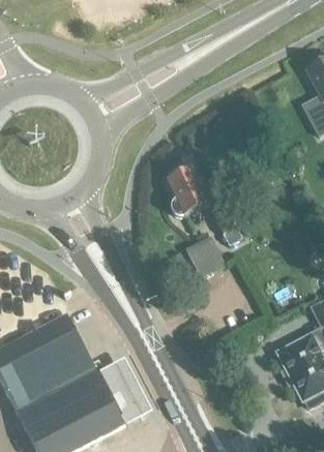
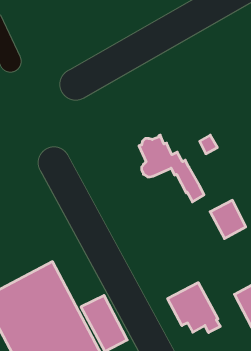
building: [184,234,226,278] -> [210,200,246,239]
building: none -> [168,283,220,333]

